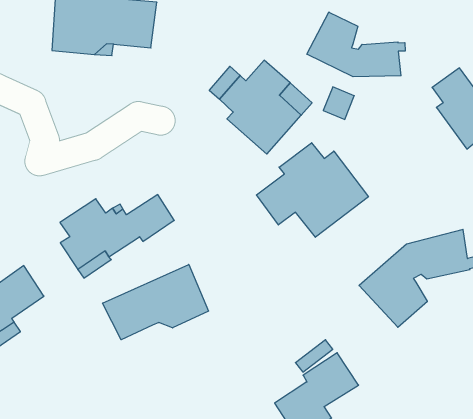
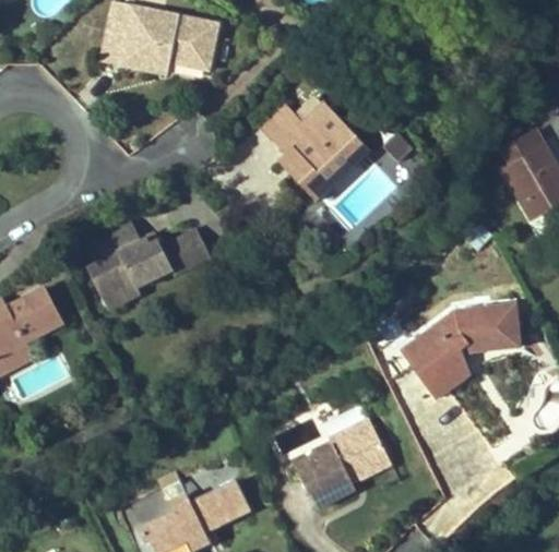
building: [307,12,405,77] -> none
building: [256,143,368,237] -> none
building: [103,264,208,340] -> none

